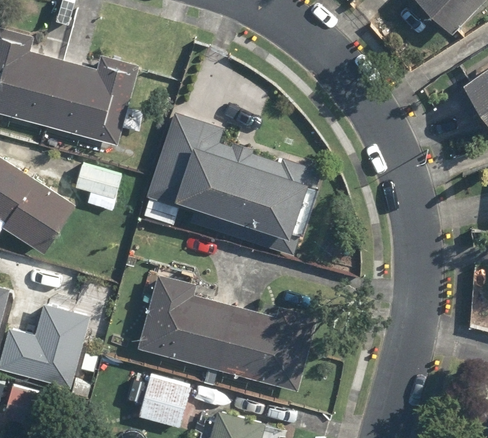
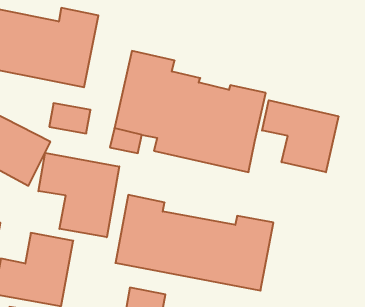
building: none -> [262,100,338,172]
building: none -> [38,153,119,237]

